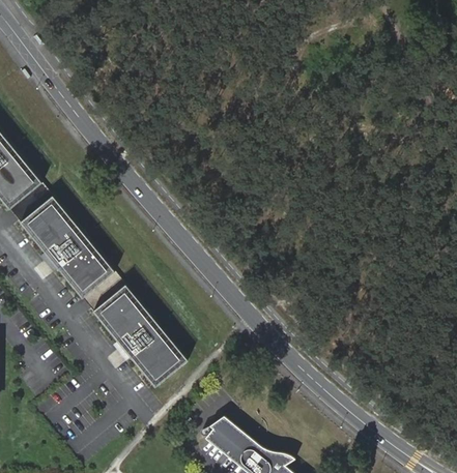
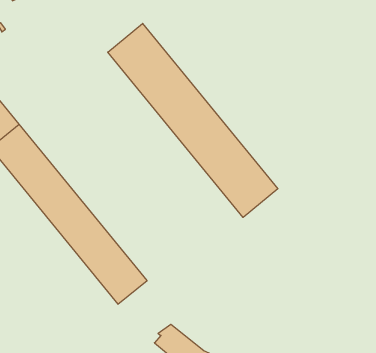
building: none -> [108,23,278,217]

